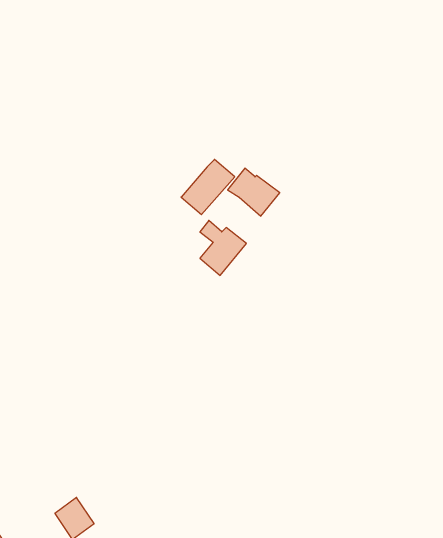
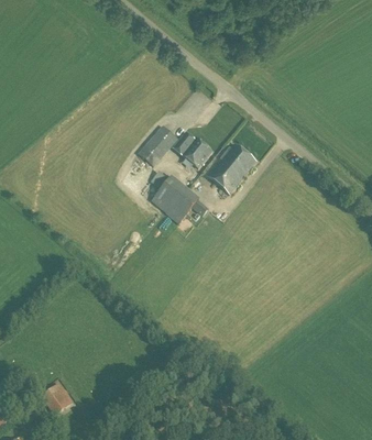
building: none -> [208,144,255,194]
building: none -> [167,189,198,223]

